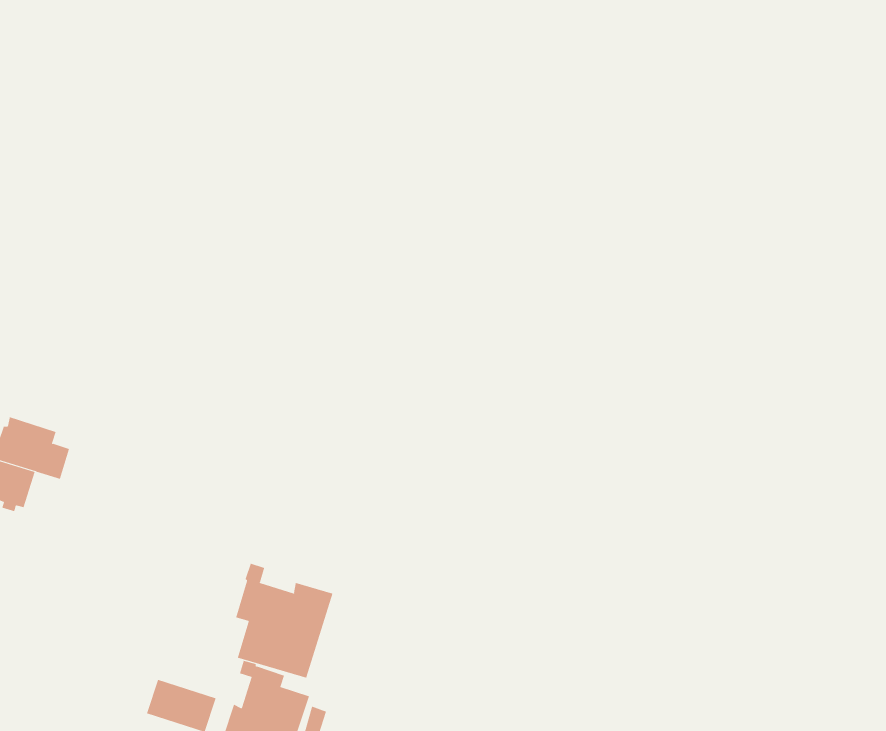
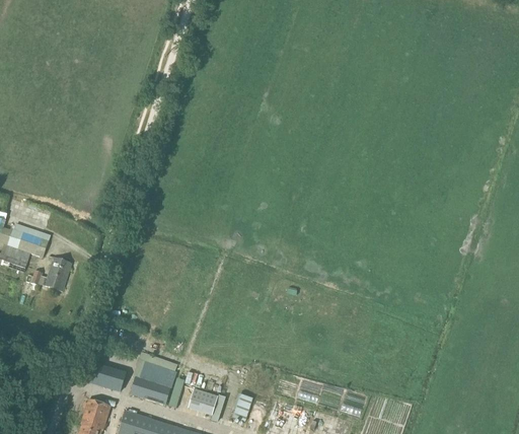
building: none -> [25,257,72,292]
building: [235,563,333,679] -> none

